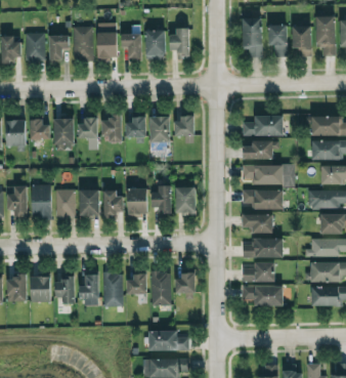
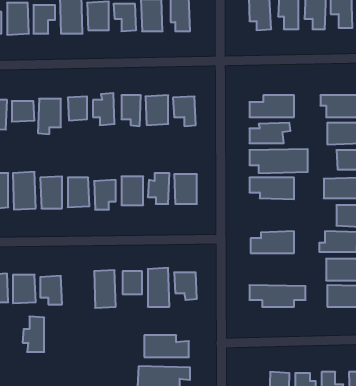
building: [242,214,272,233] -> none
building: [243,262,274,282] -> none
building: [79,274,98,305] -> [23,316,44,352]

